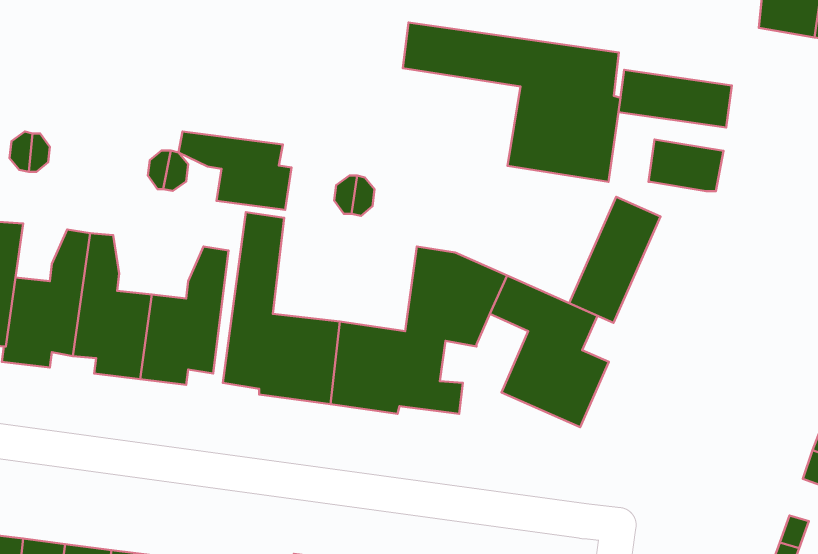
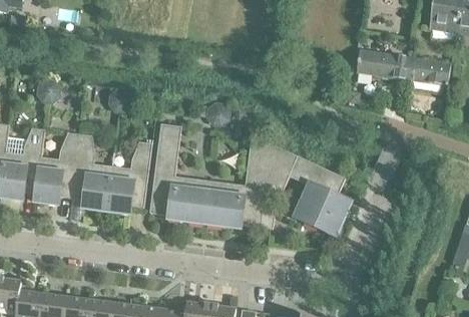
building: [403,23,620,182] -> none
building: [179,132,291,210] -> none
building: [649,139,724,191] -> [411,57,450,84]
building: [569,197,660,323] -> none

